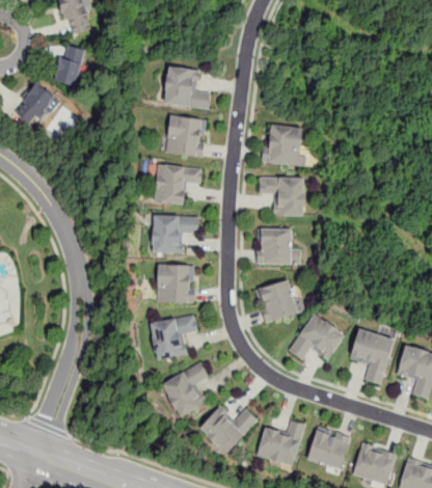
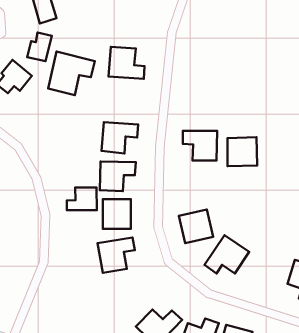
building: none -> [48,51,95,95]
building: [163,116,204,158] -> none
building: [263,124,302,166] -> none
building: [256,227,295,265] -> [228,137,257,166]
building: none -> [67,188,97,210]
building: [349,328,395,384] -> none
building: [161,363,208,417] -> none

